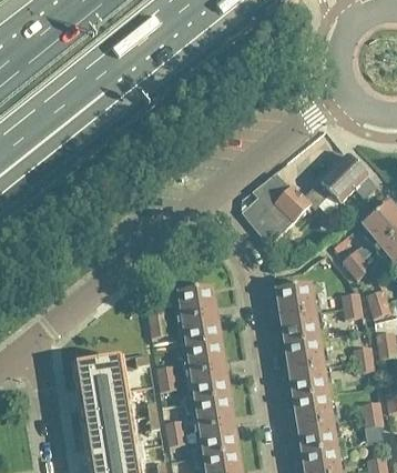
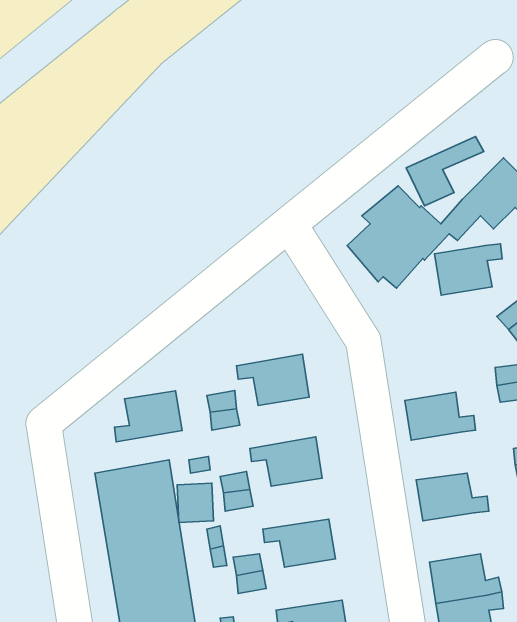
building: [276,283,322,318] -> [434,244,502,295]
building: [175,315,221,350] -> [115,391,182,442]
building: [285,338,330,371] -> none
building: [184,370,230,404] -> none
building: [293,392,338,426] -> none
building: [192,424,238,459] -> none

